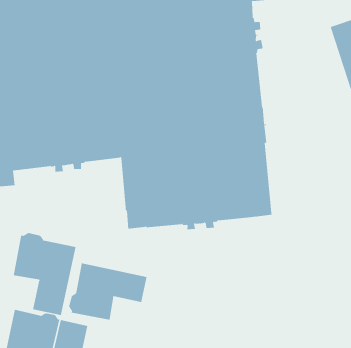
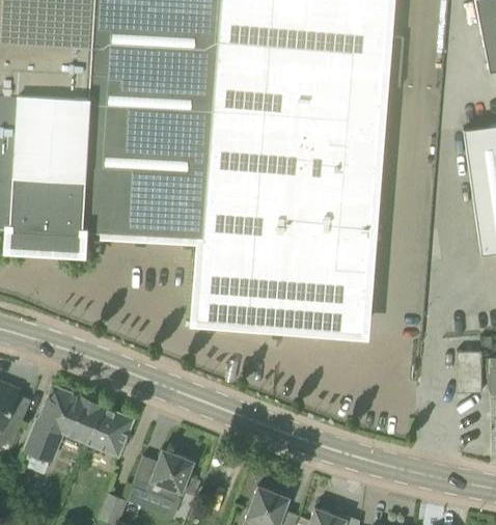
building: [13,232,76,316] -> none
building: [69,263,147,321] -> none

